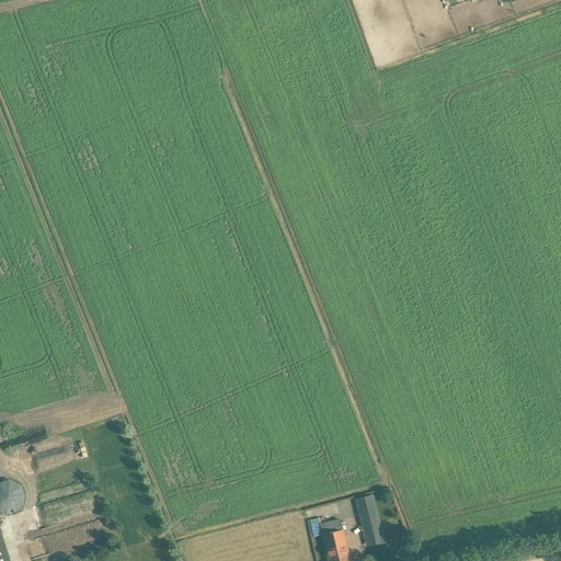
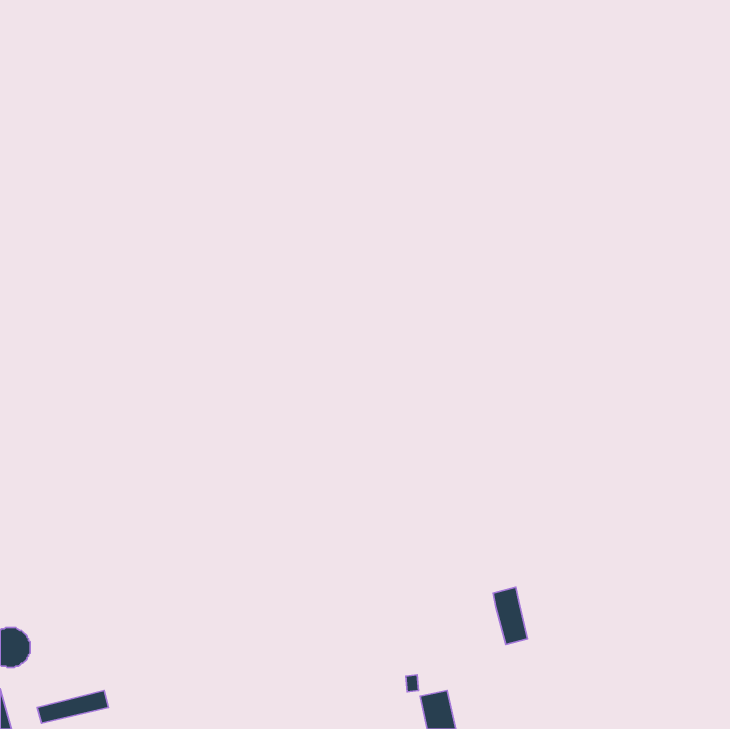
building: [356,494,382,538] -> [493,587,527,644]

